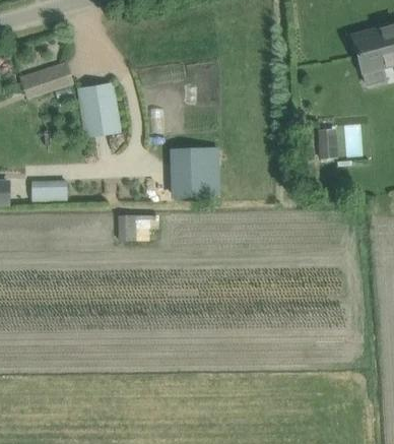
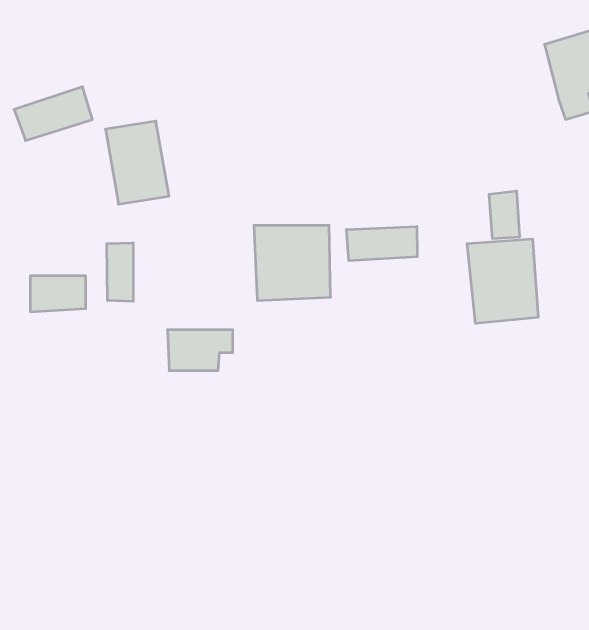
building: none -> [346,226,417,261]
building: none -> [467,239,538,323]
building: none -> [107,243,133,301]

